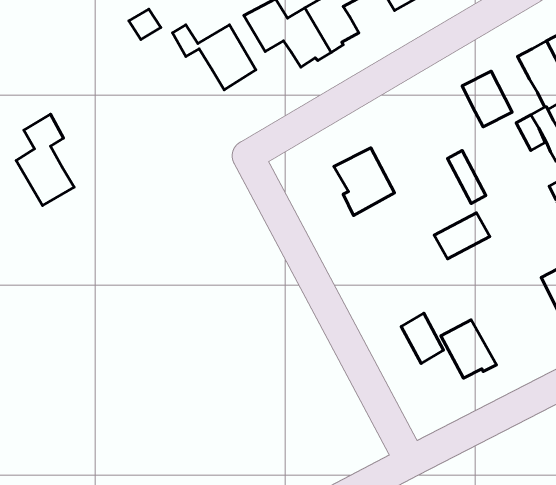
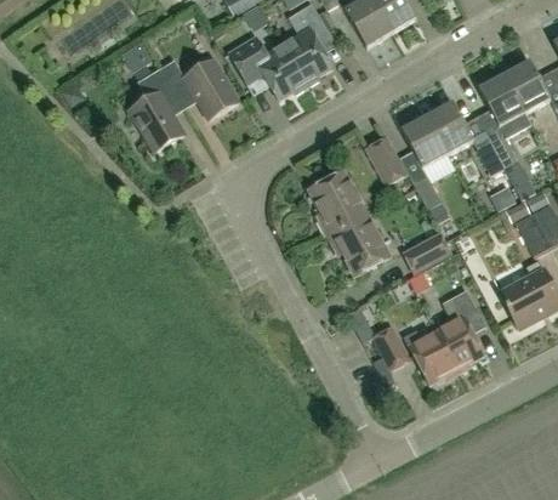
building: none -> [402,115,446,166]
building: none -> [364,135,408,186]
building: [16,114,74,206] -> [130,67,183,150]
building: none -> [328,214,388,273]
building: none -> [435,289,485,371]

